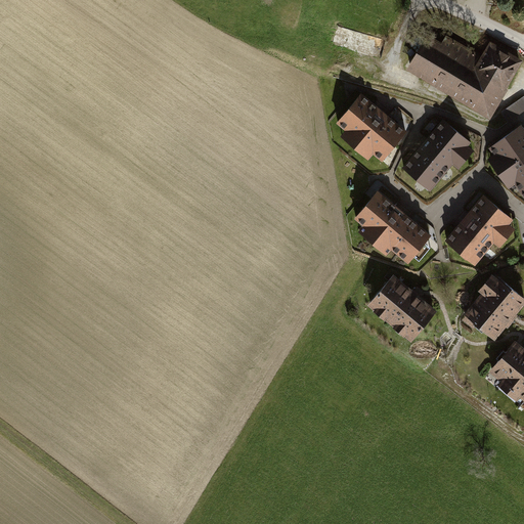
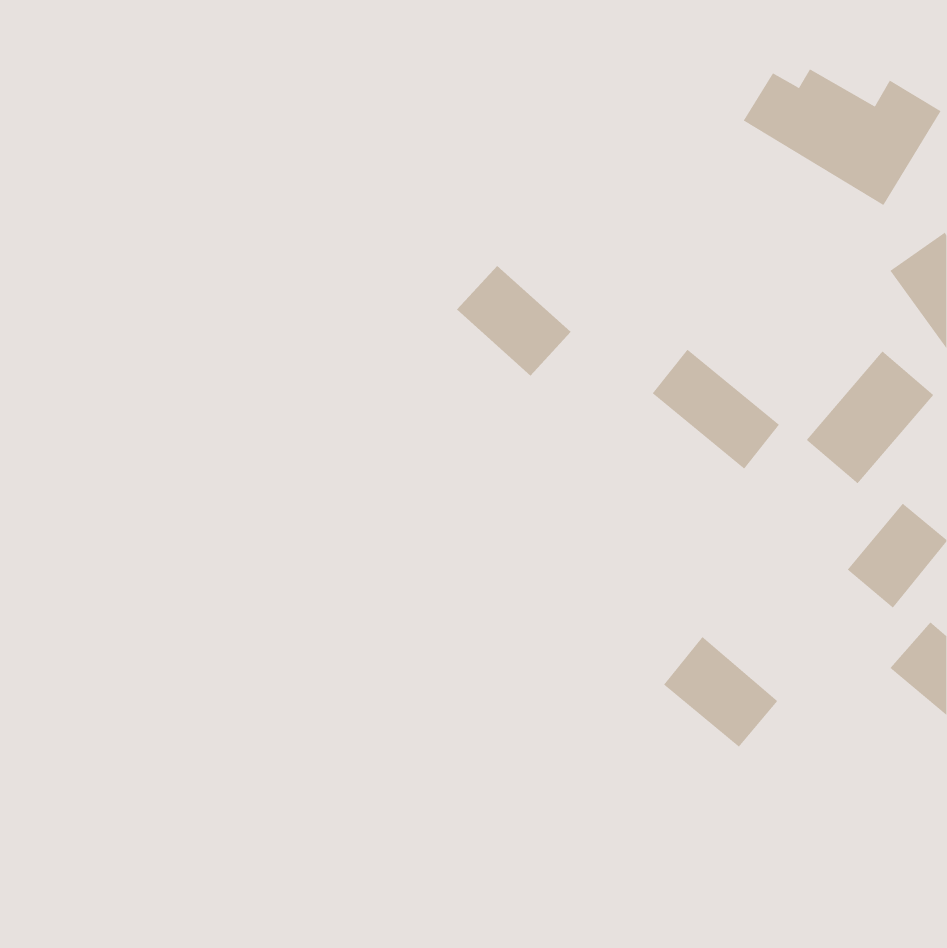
building: [341,97,404,159] -> [456,265,571,376]
building: [400,121,470,193] -> none
building: [369,276,433,338] -> [663,636,778,748]

